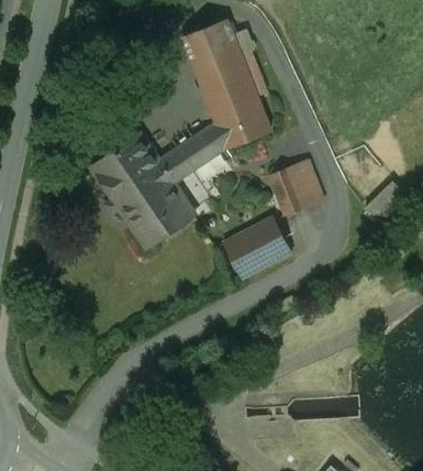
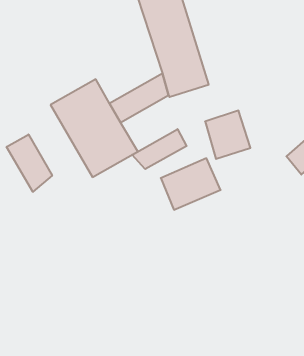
building: none -> [132,129,187,169]
building: none -> [7,134,52,192]

